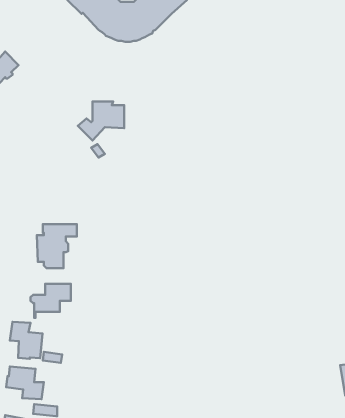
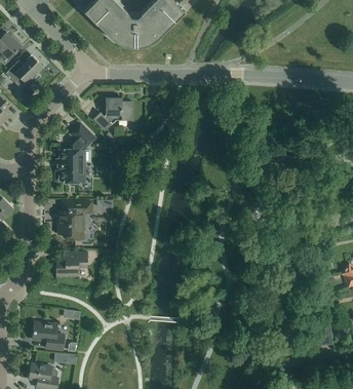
building: none -> [60,123,94,186]
building: [10,322,43,359] -> none

